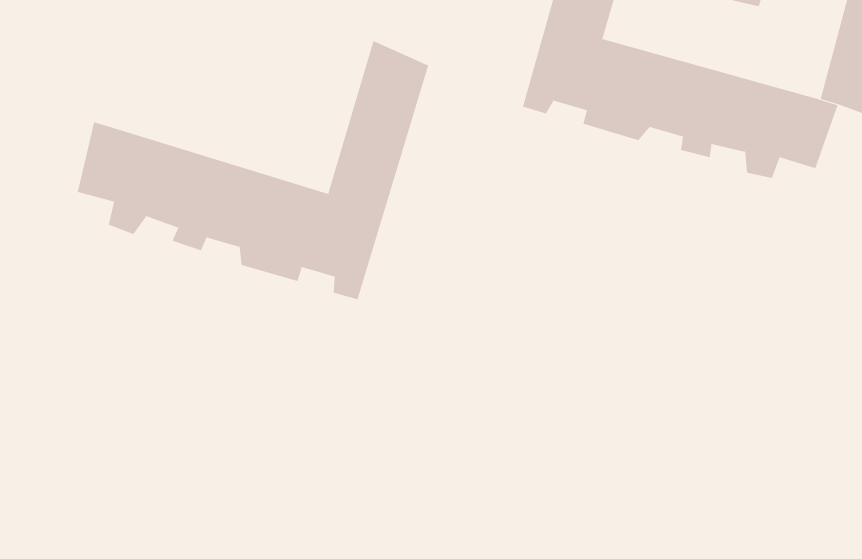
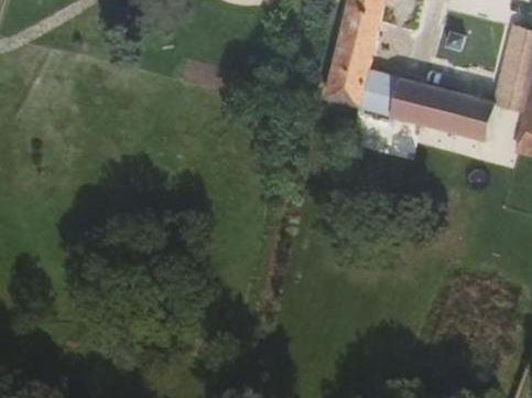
building: [77,40,429,300] -> none

